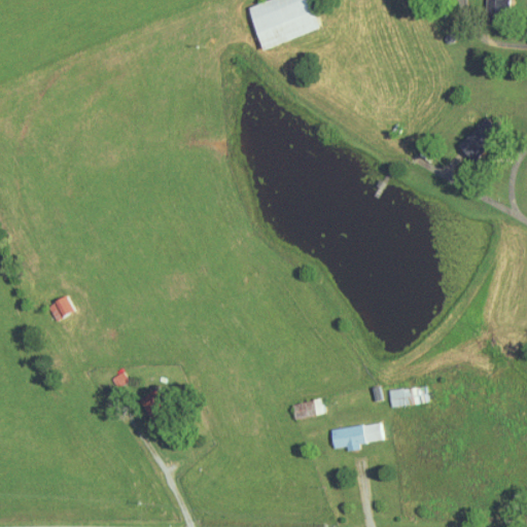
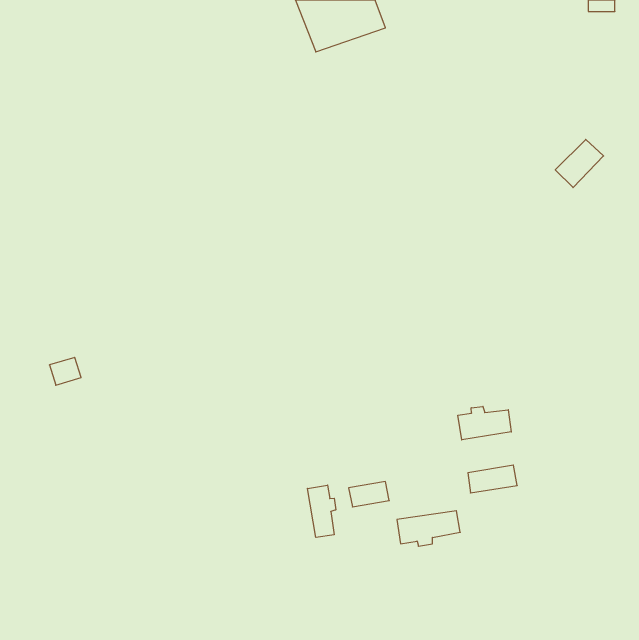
building: none -> [458,406,511,440]
building: none -> [307,485,336,537]

